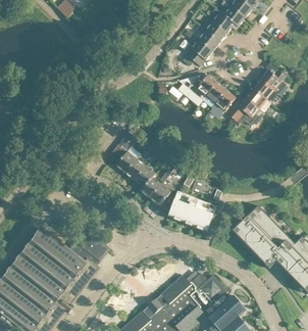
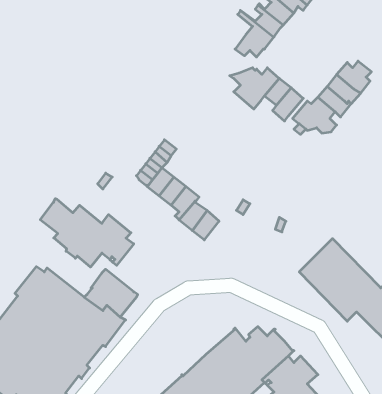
building: none -> [40,199,134,267]
building: [168,191,217,231] -> none

